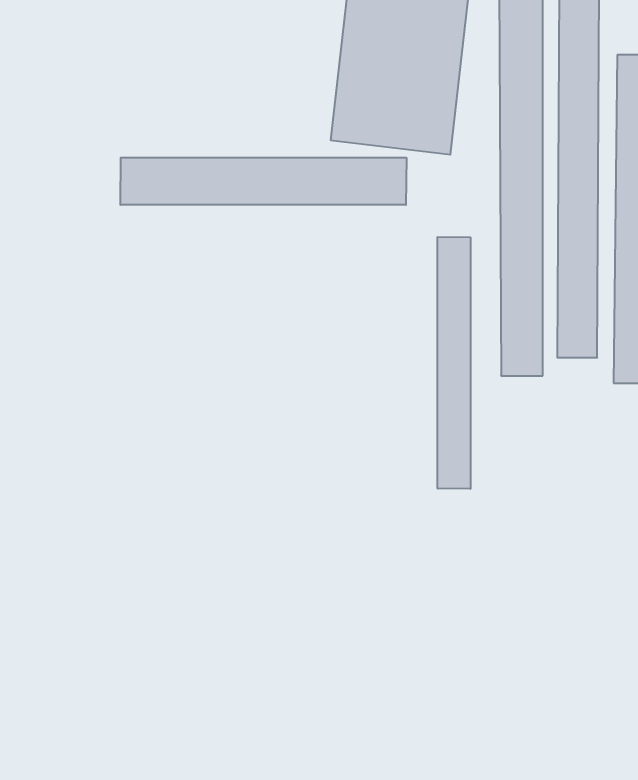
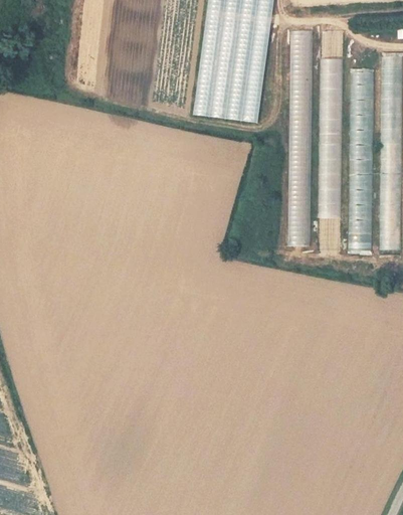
building: [120,158,406,205] -> none
building: [438,237,470,489] -> none

